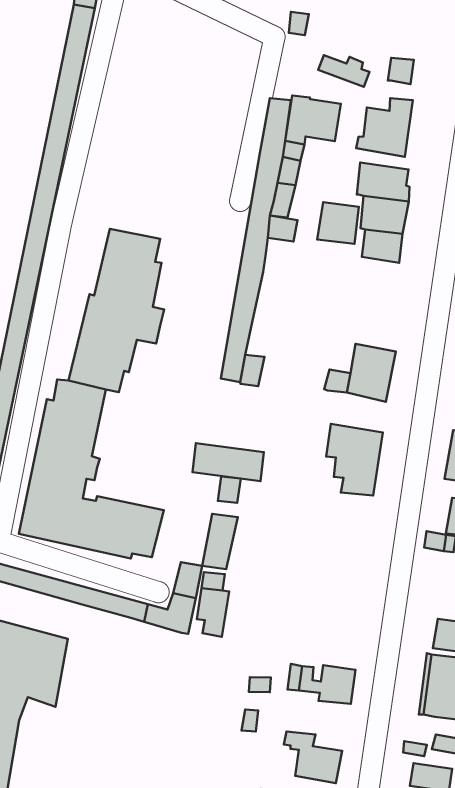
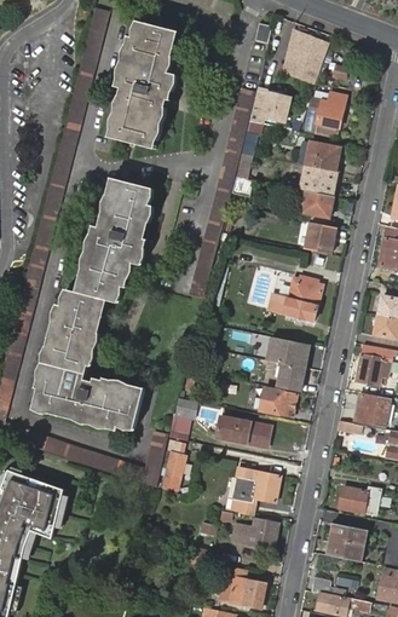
building: none -> [117,16,185,140]
building: none -> [281,28,327,71]
building: [317,202,359,244] -> [301,220,334,253]
building: [193,443,264,481] -> [219,417,273,449]
building: none -> [264,391,298,417]
building: none -> [232,466,281,515]

